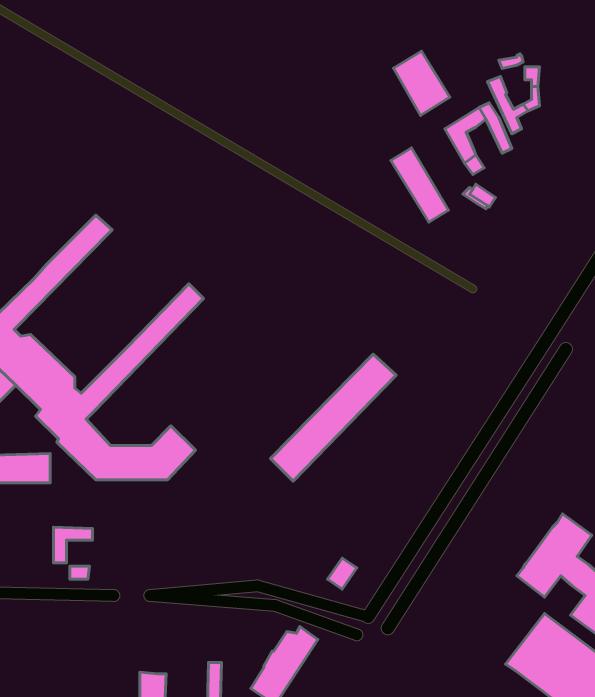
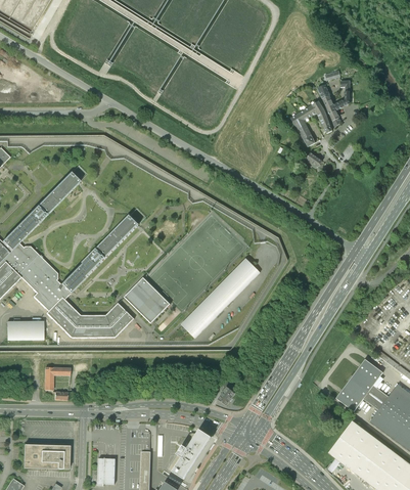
building: [394,51,450,115] -> none
building: [391,148,448,222] -> none
building: none -> [126,278,171,323]
building: none -> [24,444,70,470]

